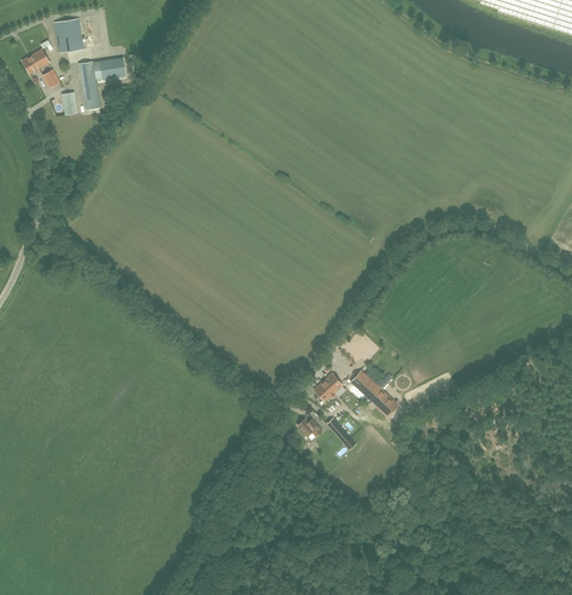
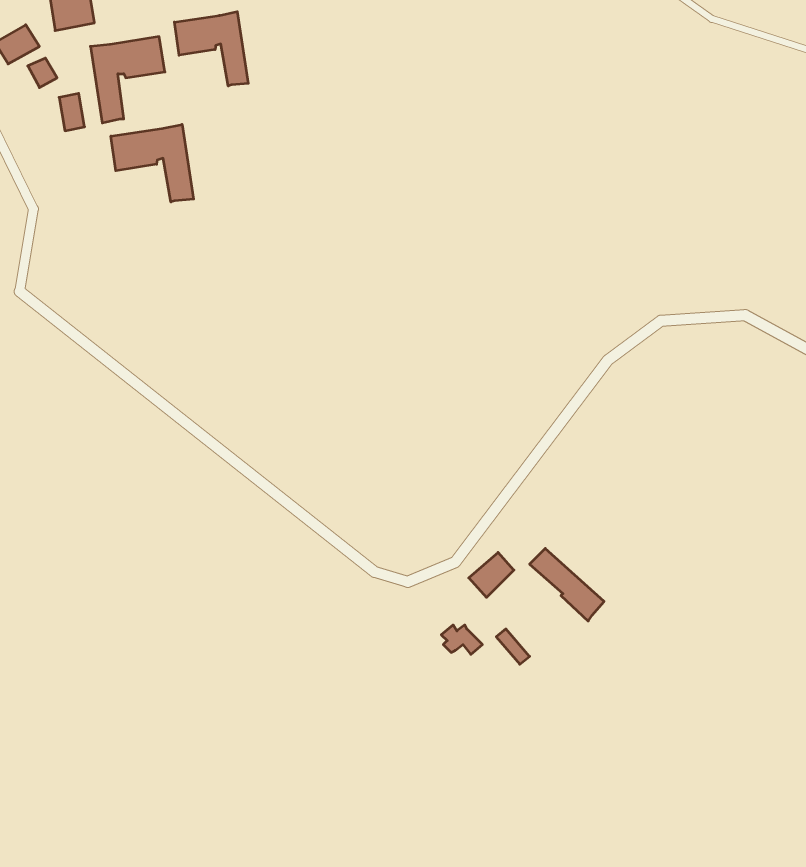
building: none -> [174,12,248,86]
building: none -> [111,124,194,202]

